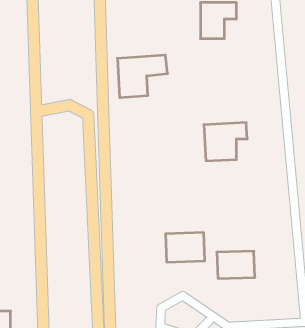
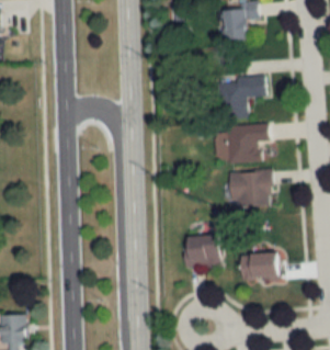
building: [117,55,168,98] -> [213,78,263,121]
building: none -> [225,172,268,207]

